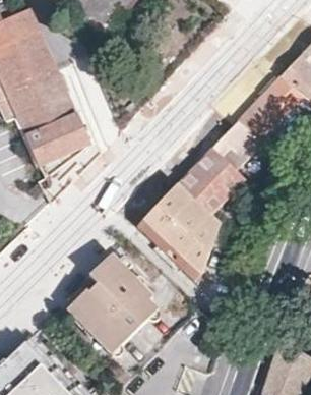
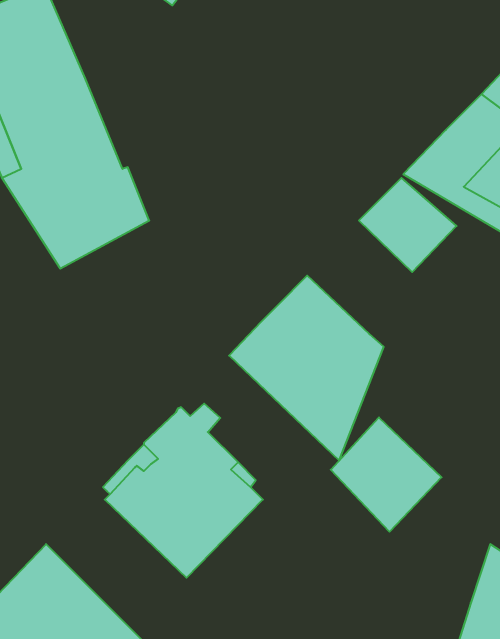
building: [180,148,246,213] -> none
building: none -> [331,417,442,532]

